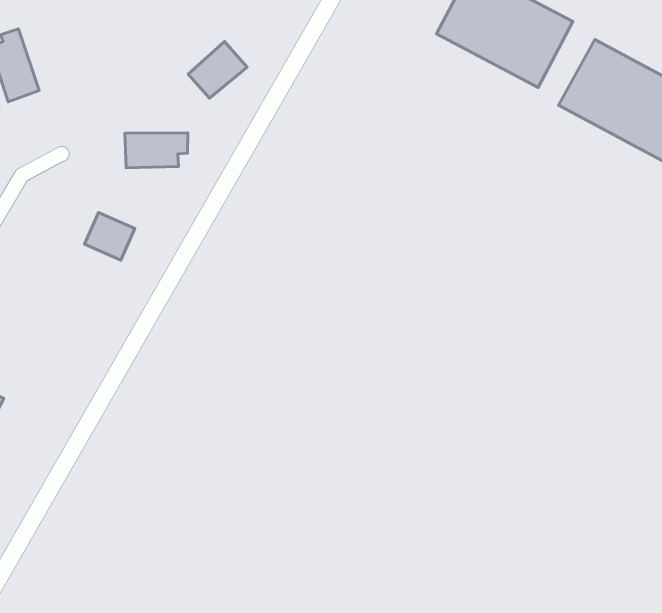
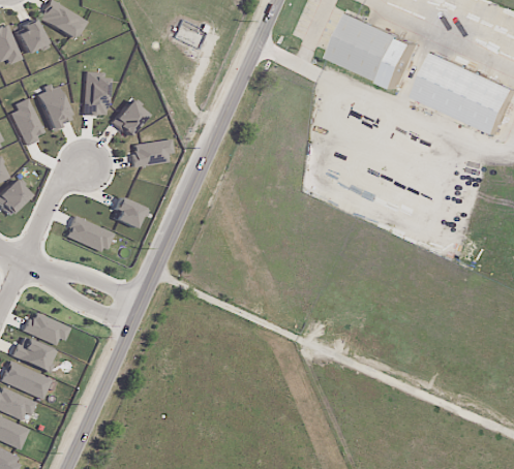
building: none -> [82,71,105,115]
building: [188,41,247,98] -> [110,97,148,135]
building: none -> [64,216,112,252]

